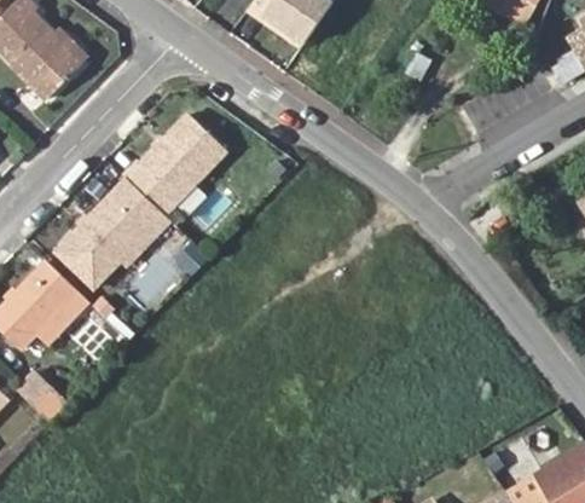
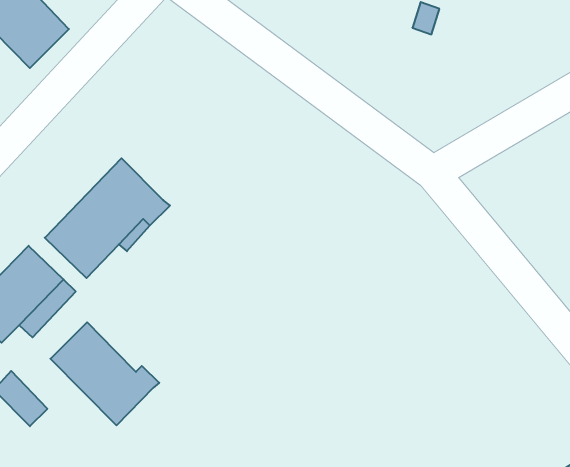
building: [133,120,234,221] -> none
building: none -> [50,322,159,425]

